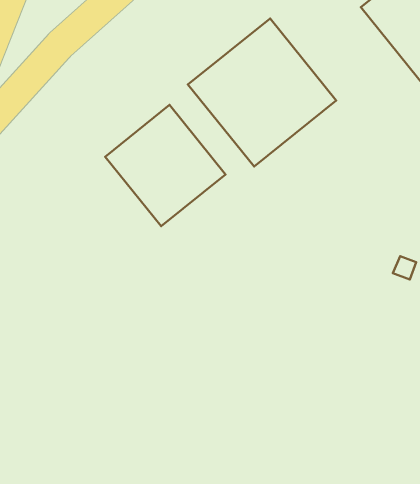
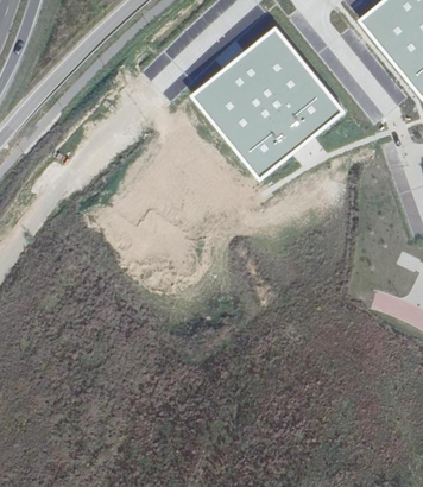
building: [105,105,226,226] -> none

